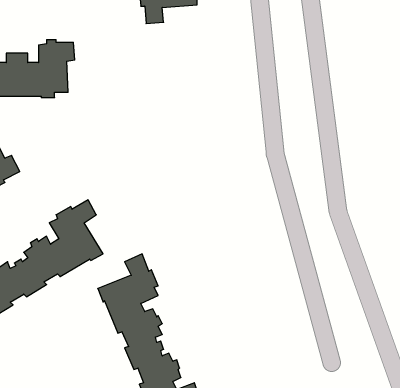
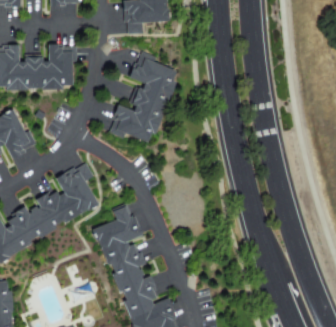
building: none -> [112,52,176,141]

